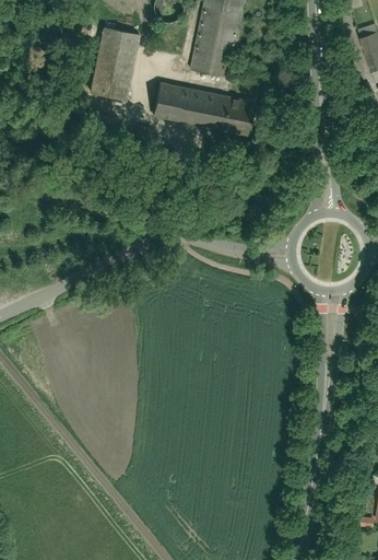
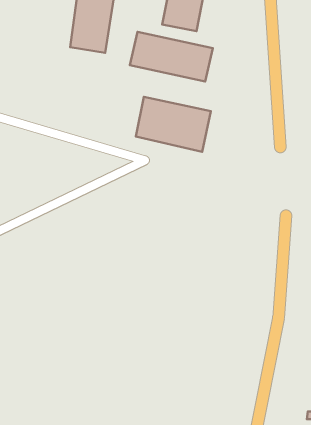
building: none -> [136,97,211,152]

